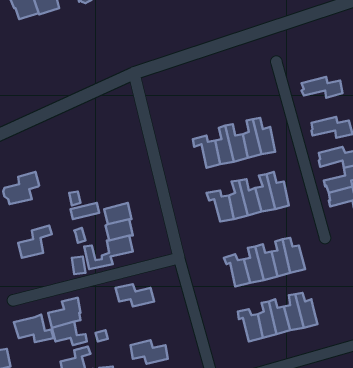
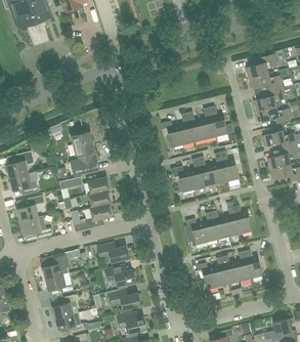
building: none -> [245,53,277,78]
building: none -> [253,86,286,111]
building: none -> [71,131,100,175]
building: none -> [9,173,39,195]
building: none -> [105,264,135,289]
building: [14,315,54,342] -> [19,215,52,238]

